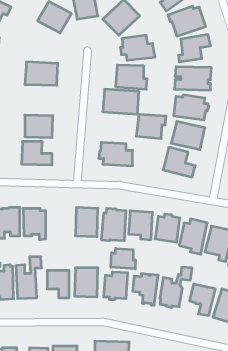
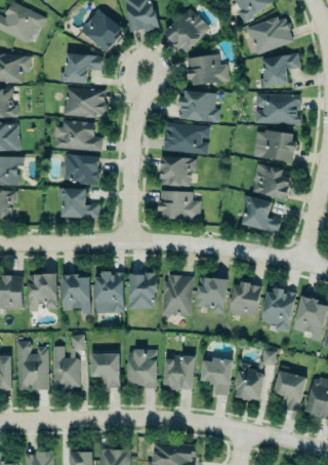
building: none -> [59,53,102,83]
building: none -> [53,120,102,151]
building: [136,114,166,139] -> [159,156,197,187]
building: none -> [95,271,124,312]
building: [111,248,136,269] -> none

